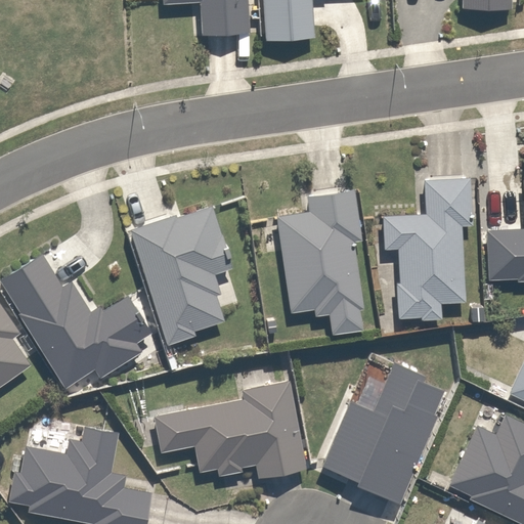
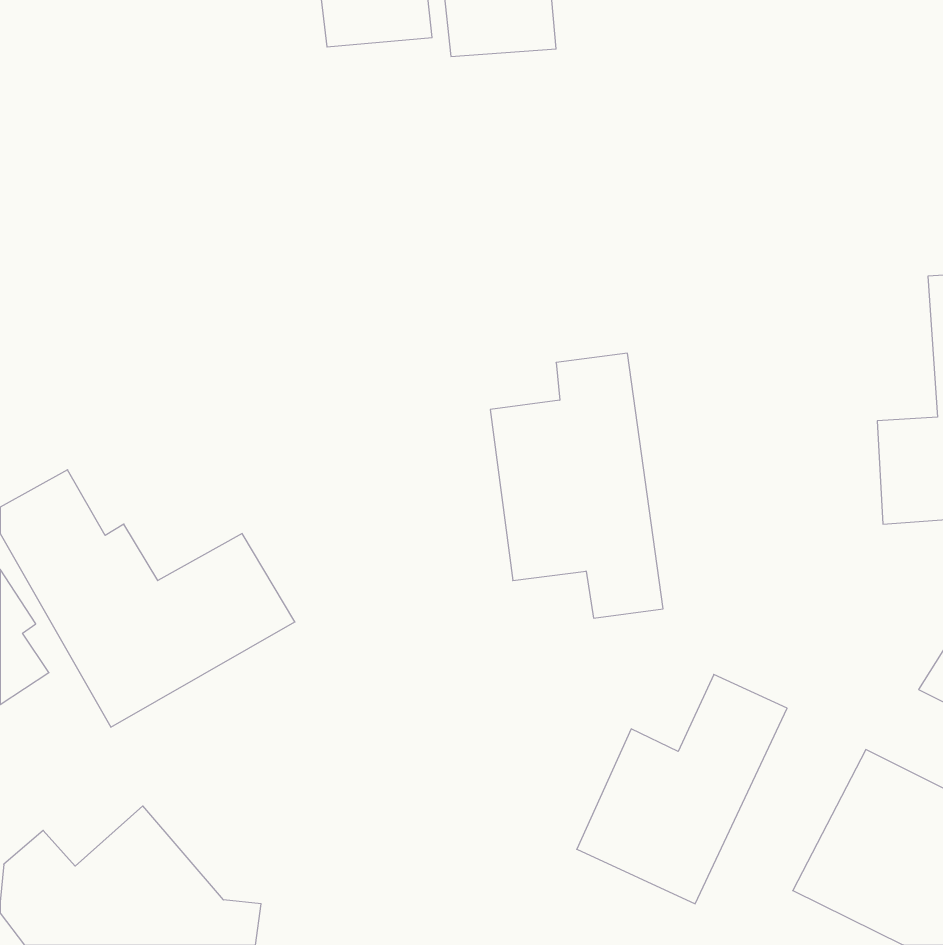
building: [382,175,470,319] -> none
building: [139,204,243,351] -> none
building: [147,384,299,481] -> none

